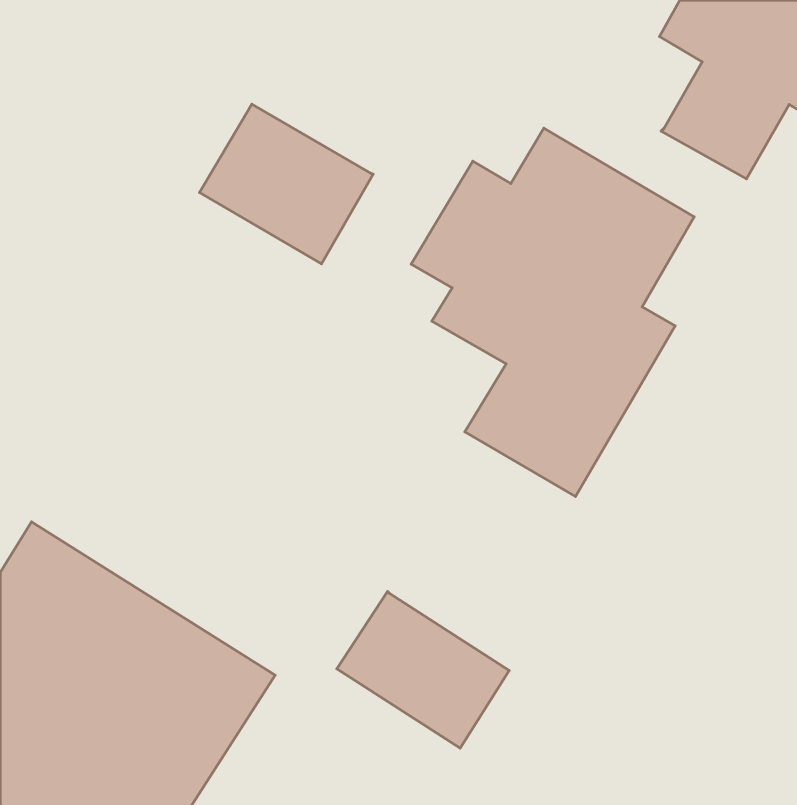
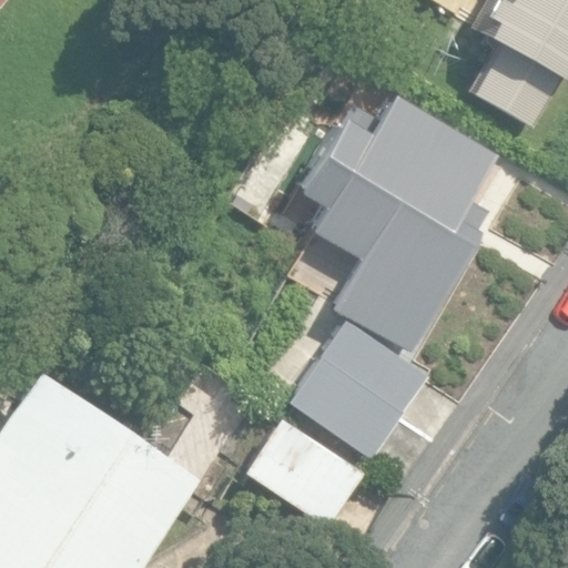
building: [199,104,373,264] -> none
building: none -> [291,316,430,457]

